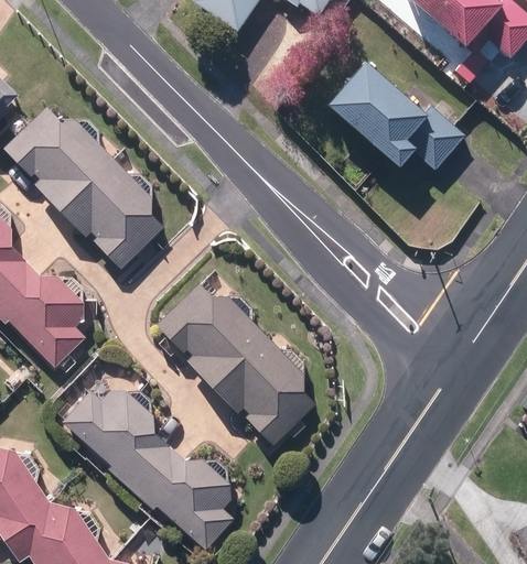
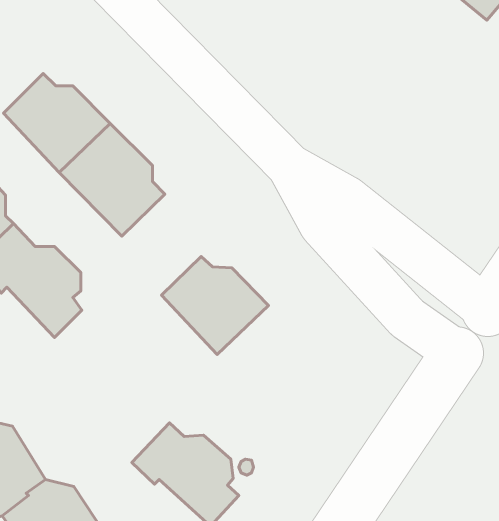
building: [327,65,465,173] -> none
building: [213,334,312,443] -> none
building: [63,391,166,486] -> none

